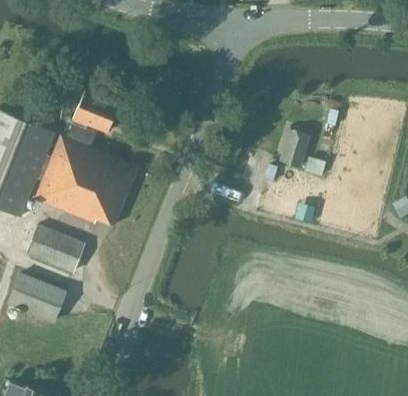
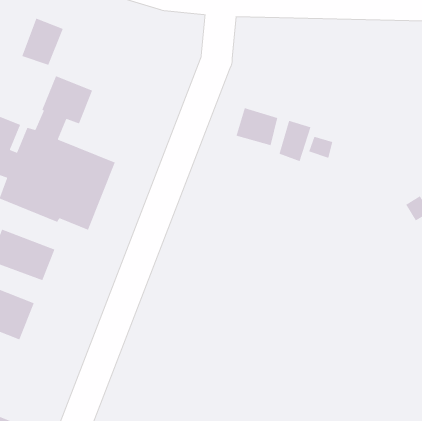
building: none -> [21,17,64,66]
building: none -> [235,107,278,146]

